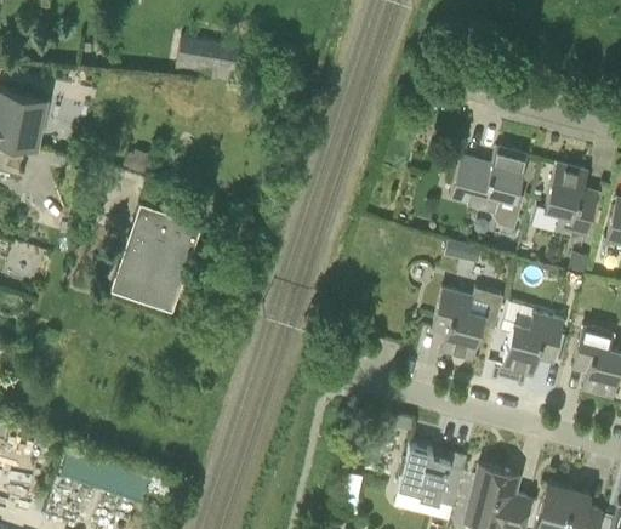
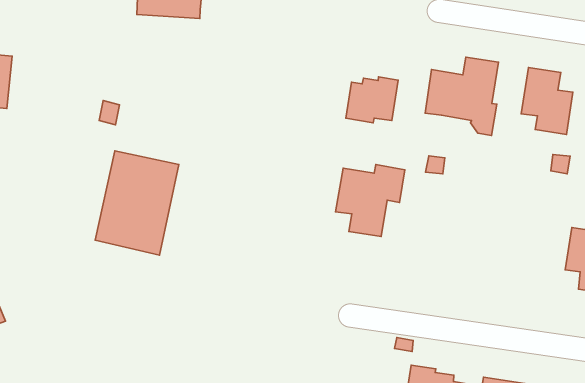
building: none -> [346,77,398,123]
building: [431,289,503,360] -> [336,165,405,236]
building: [502,314,564,377] -> none

